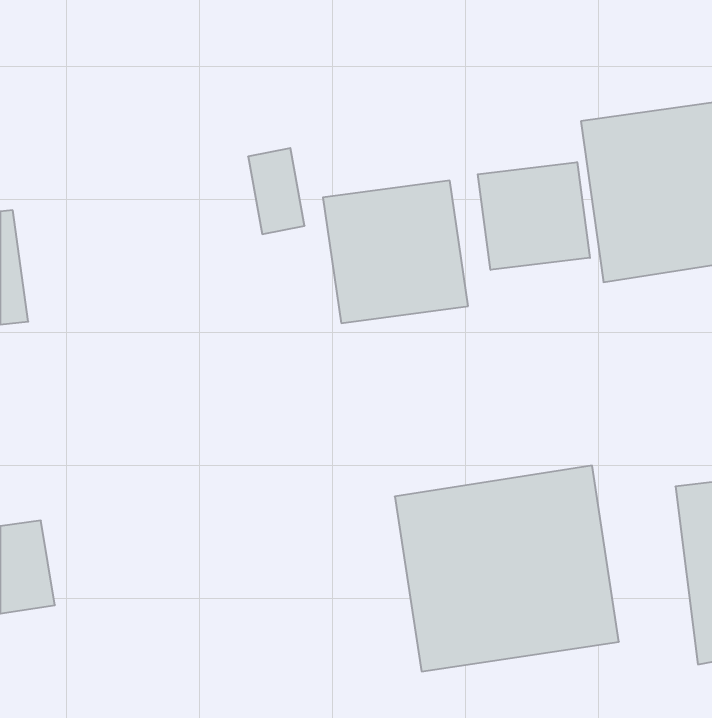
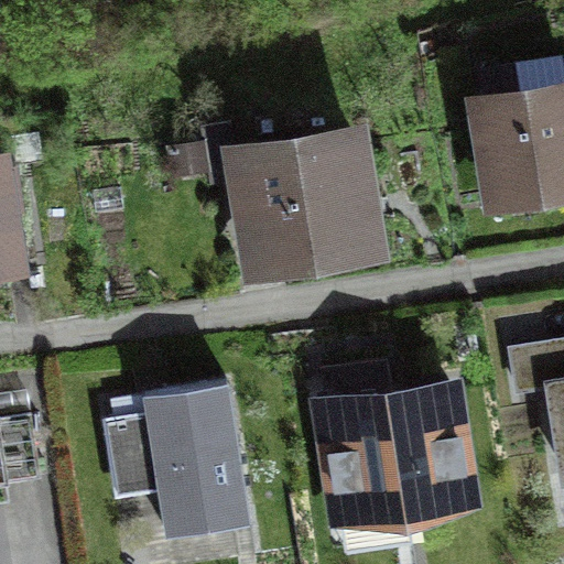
building: [478,162,590,270] -> none
building: none -> [123,386,247,552]

